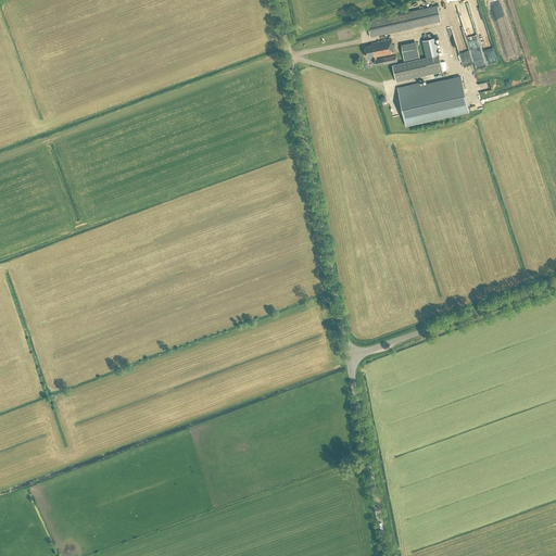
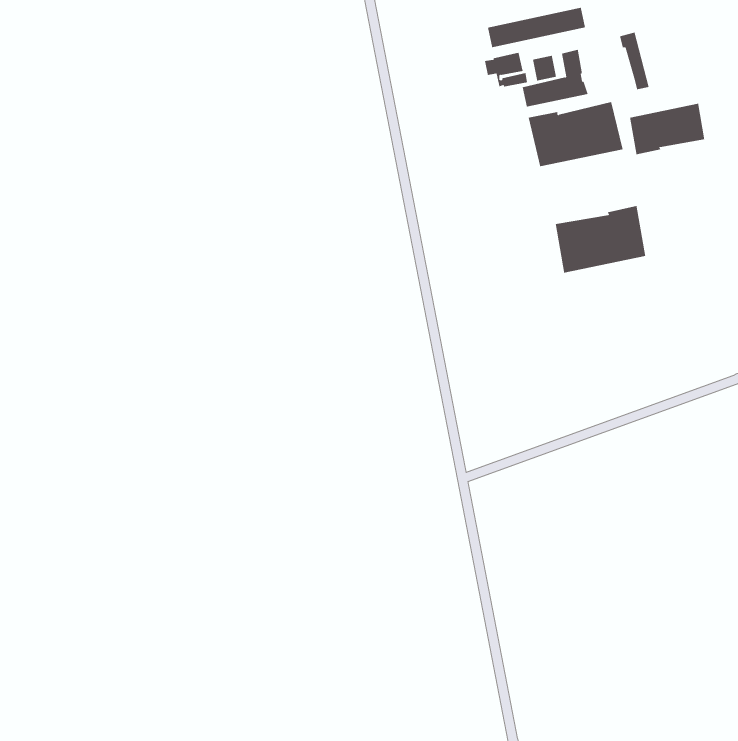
building: none -> [629,103,705,155]
building: none -> [555,205,646,274]

